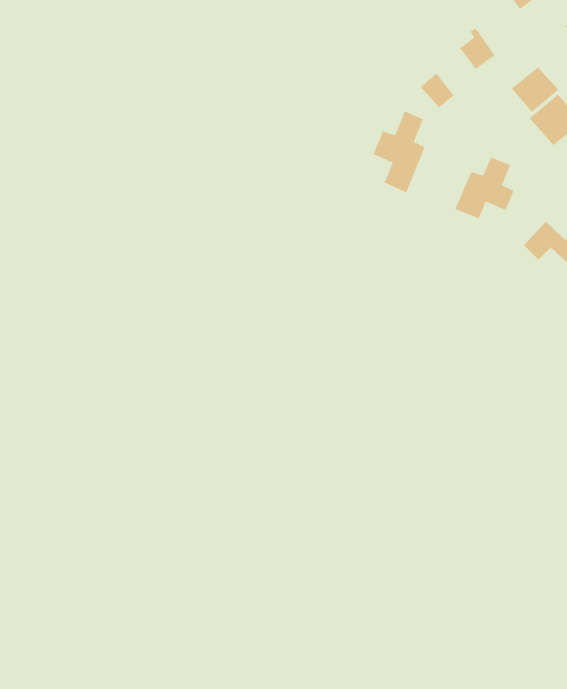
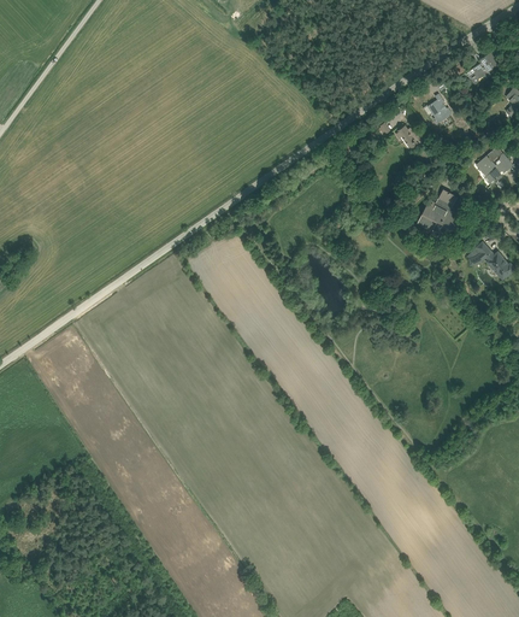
building: [511,67,559,113] -> none
building: [372,111,426,193] -> none

